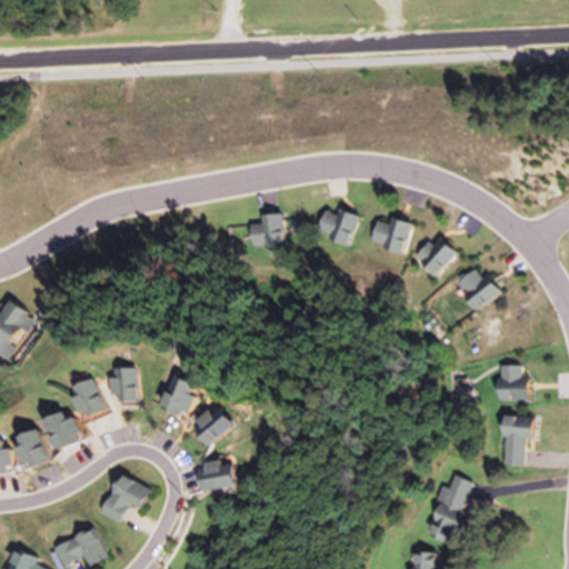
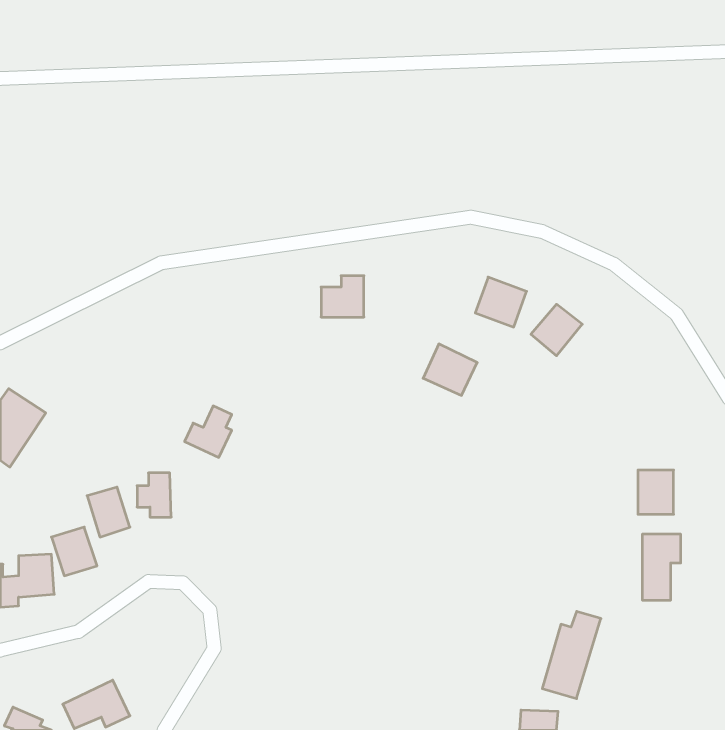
building: [319,206,361,246] -> [423,344,477,395]
building: [457,267,499,310] -> none
building: [154,378,191,418] -> [185,406,232,457]
building: [191,410,229,446] -> none
building: [194,459,228,489] -> none
building: [99,475,147,521] -> none

